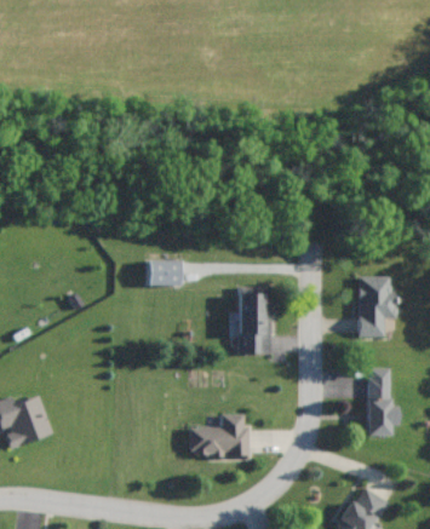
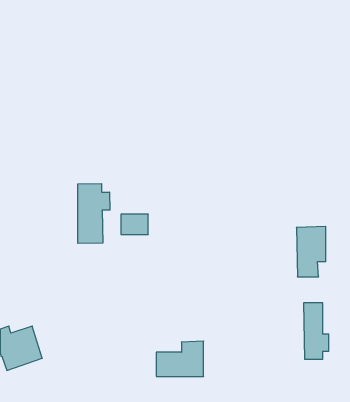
building: none -> [78,184,110,243]
building: [236,289,270,353] -> none

